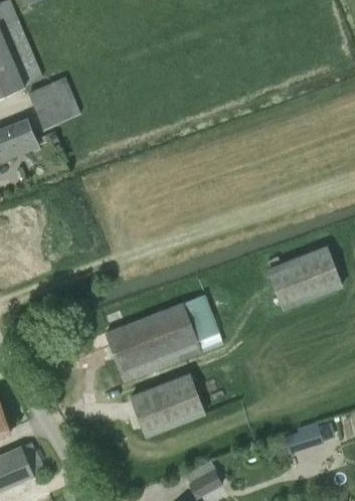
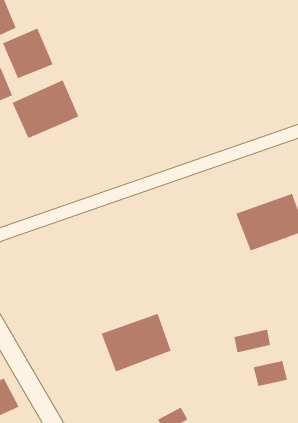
building: none -> [12,79,79,139]
building: [106,296,215,381] -> none
building: none -> [234,329,271,353]

